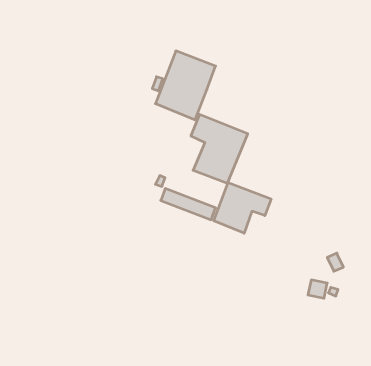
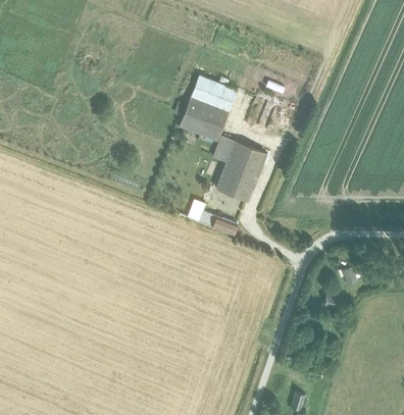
building: [214,182,271,233] -> none

